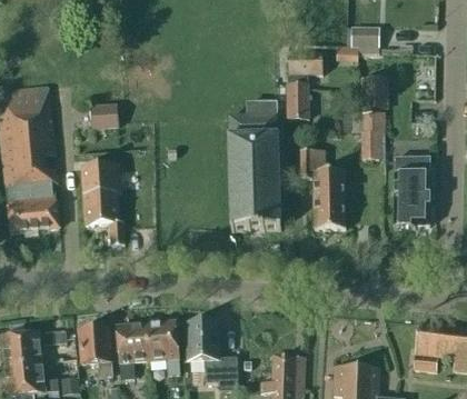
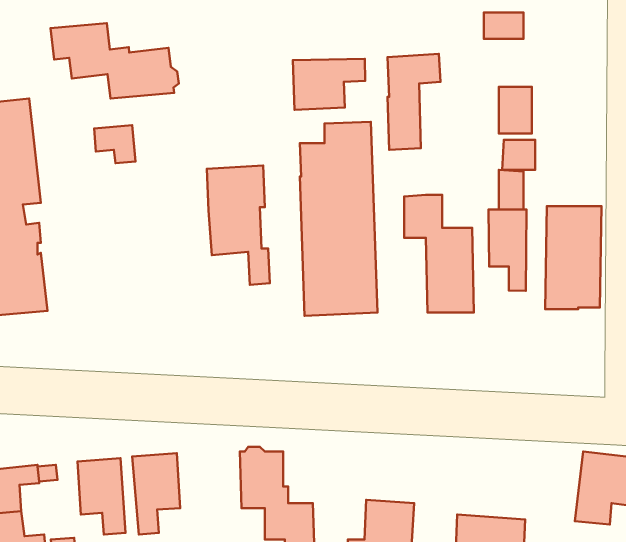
building: none -> [50,23,179,99]
building: none -> [293,59,365,110]
building: none -> [488,210,527,291]
building: [81,163,123,243] -> [207,166,270,285]
building: [146,320,180,372] -> none

